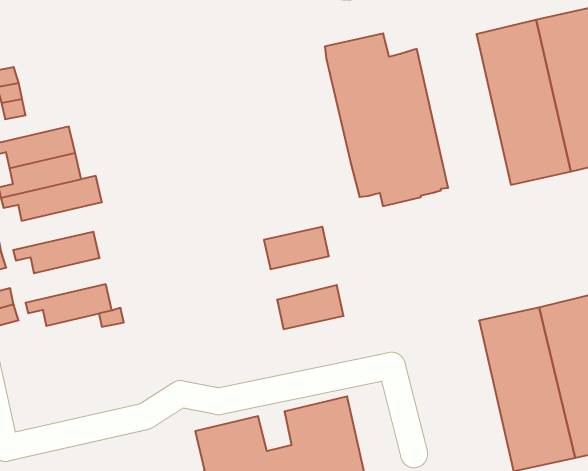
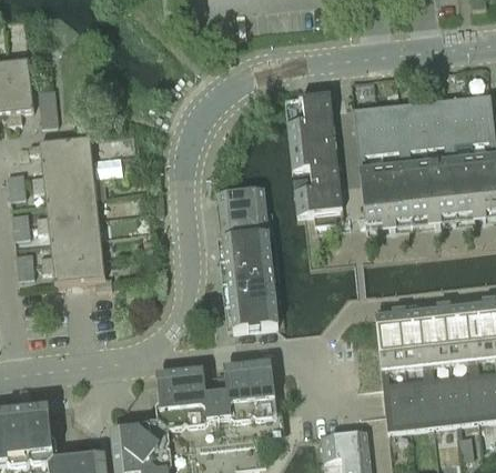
building: none -> [353,103,411,223]
building: none -> [217,185,267,236]
building: none -> [36,195,98,222]
building: none -> [225,254,273,282]
building: none -> [40,235,102,262]
building: none -> [230,300,277,328]

